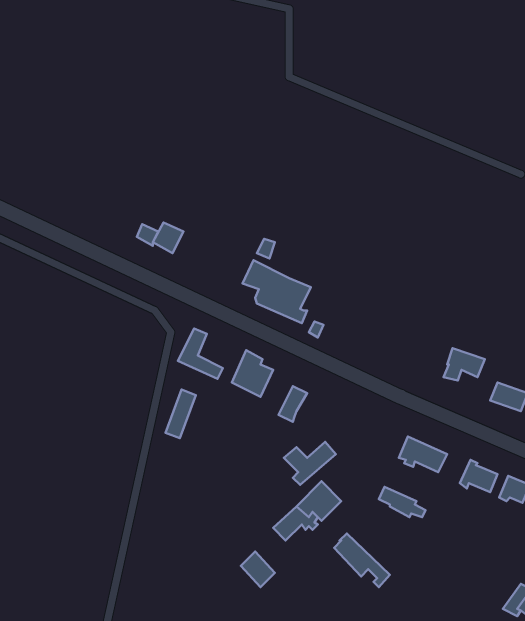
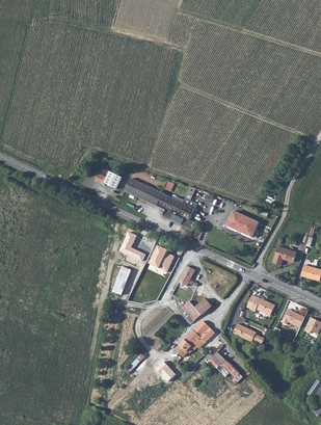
building: none -> [124,179,162,207]
building: none -> [226,213,258,239]

